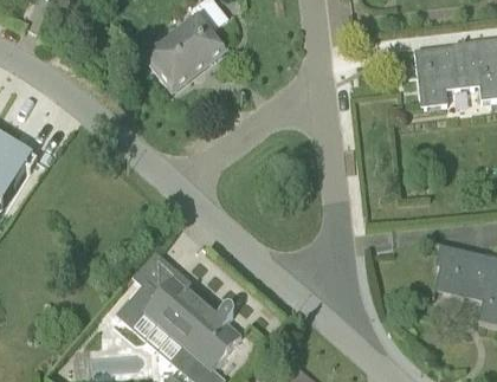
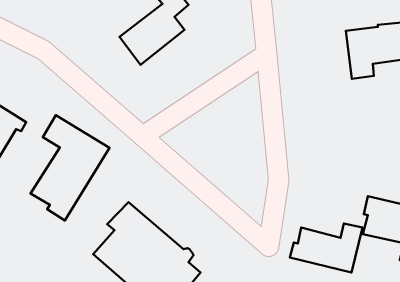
building: none -> [31,115,110,220]
building: none -> [290,224,362,273]

